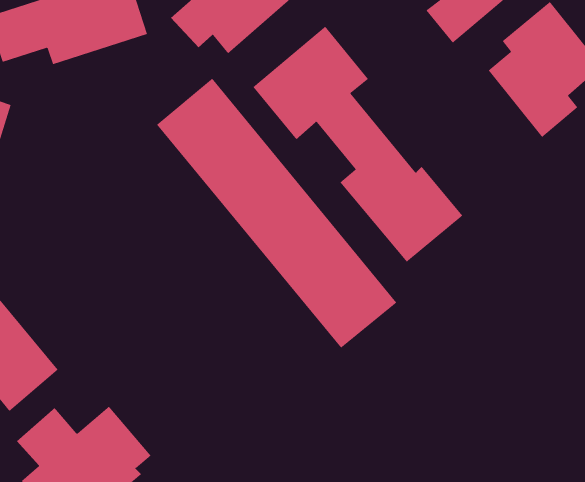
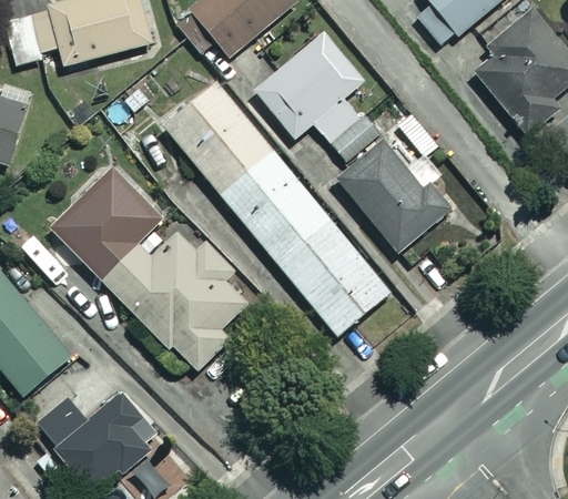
building: none -> [49,164,246,373]

